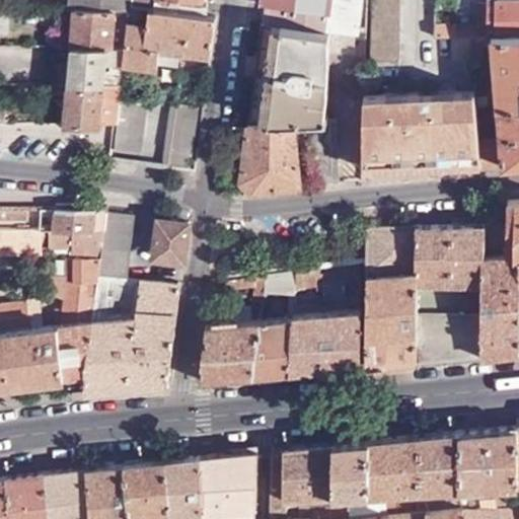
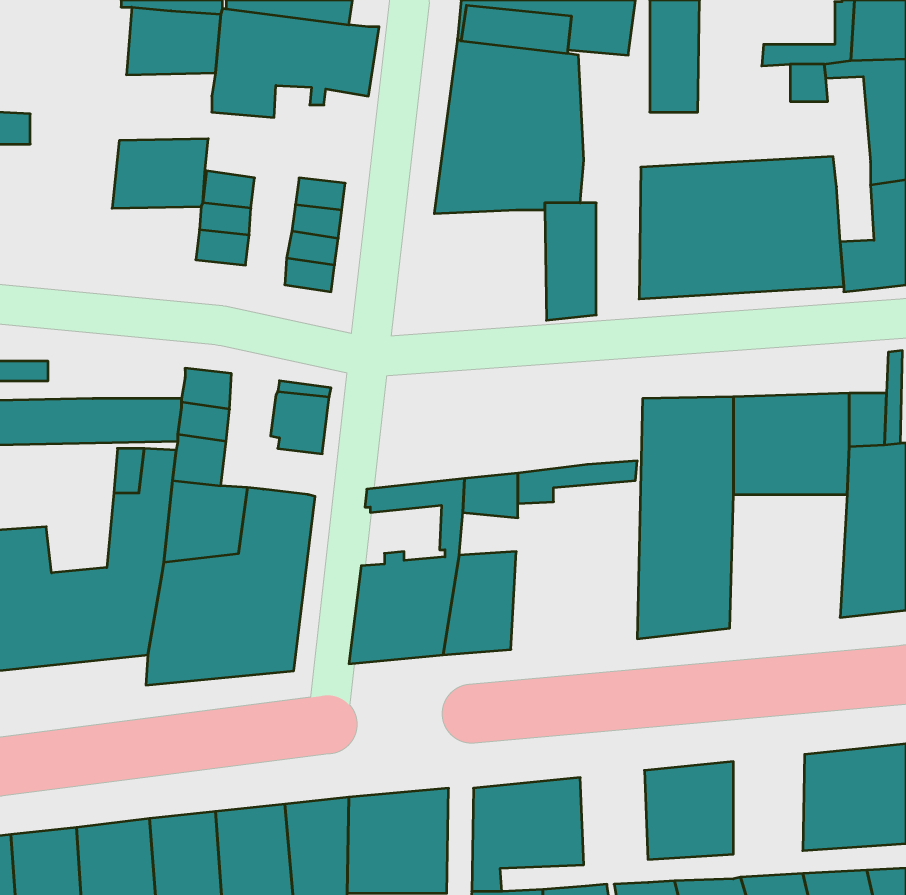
building: [68,50,123,88] -> none
building: [240,128,299,200] -> none
building: [53,213,105,235] -> none
building: [416,290,483,366] -> none
building: [291,315,361,378] -> none
building: [418,438,458,495] -> none
building: [330,447,369,501] -> none

